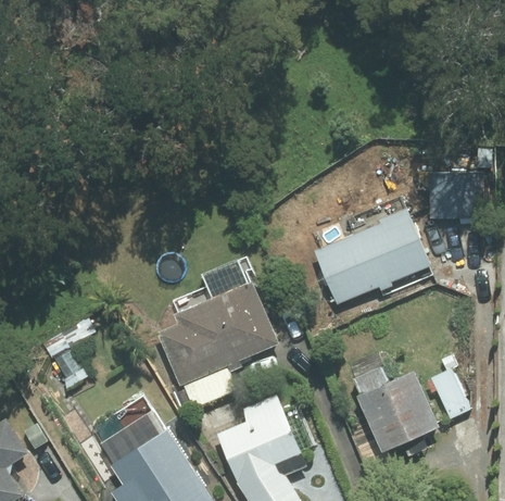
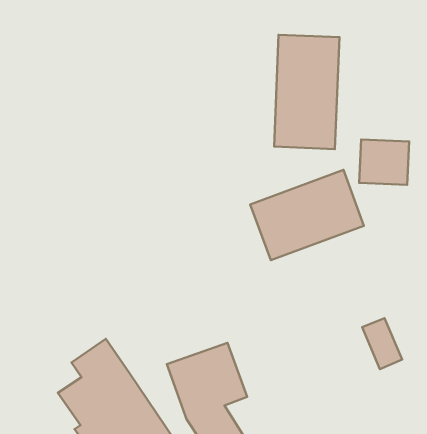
building: none -> [274,35,340,149]
building: [161,255,279,411] -> none
building: [353,365,442,452] -> none

